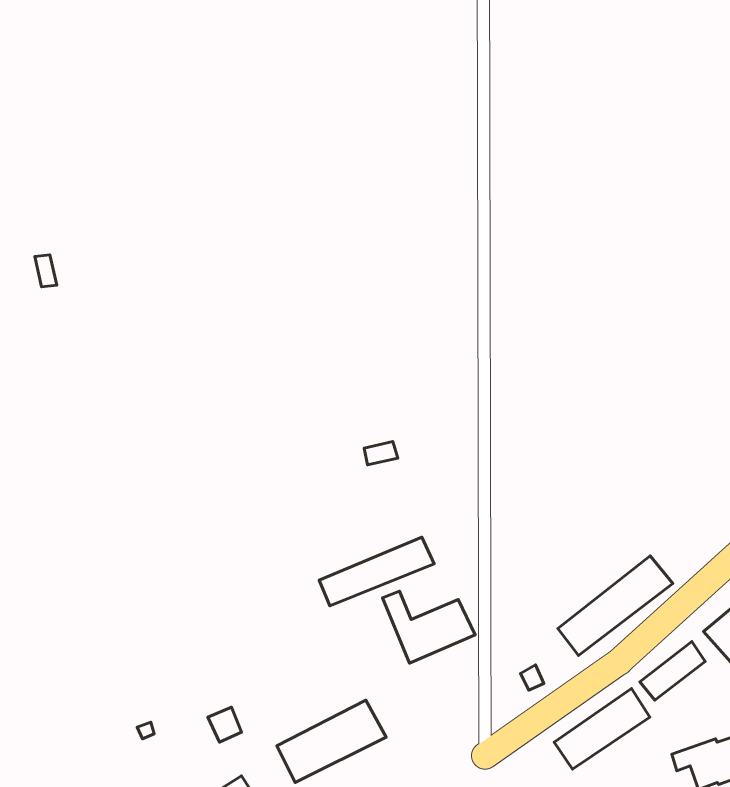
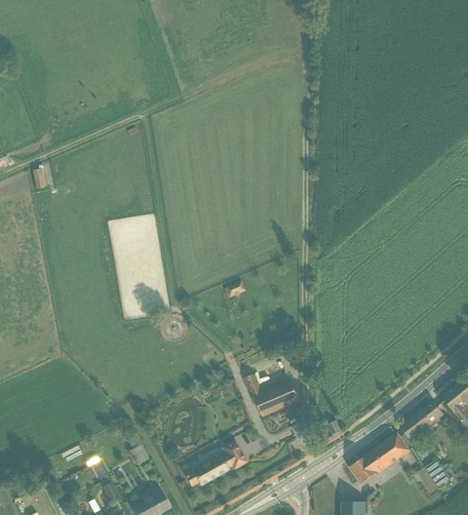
building: [319,537,434,606] -> none
building: [558,556,673,656] -> none

